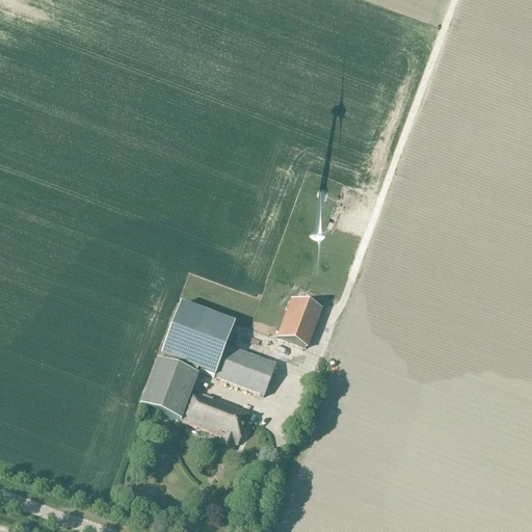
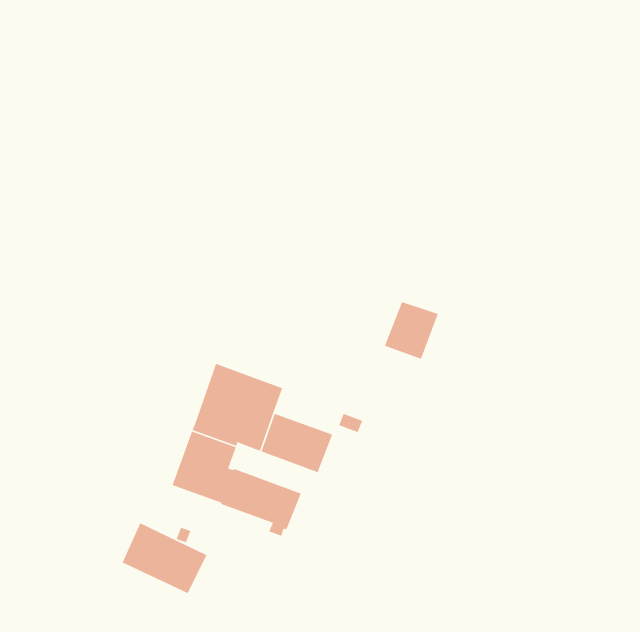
building: [276,295,322,344] -> [384,301,439,360]
building: none -> [121,522,207,594]

